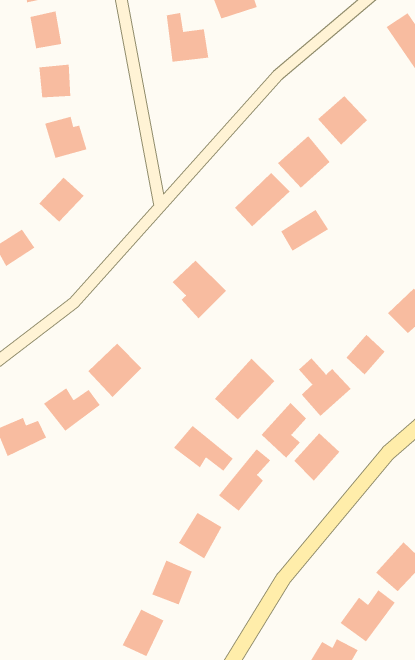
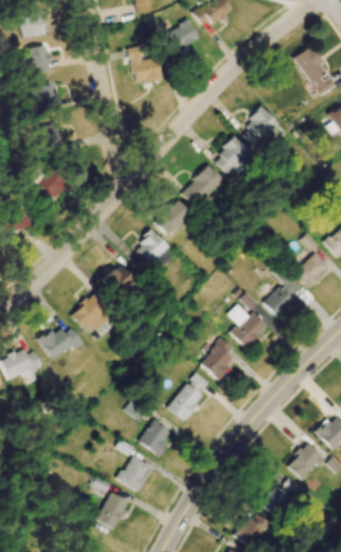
building: [280,209,329,252] -> [156,202,192,234]
building: none -> [104,264,137,297]
building: [214,358,275,420] -> none
building: [173,425,234,472] -> none
building: [294,432,340,482] -> none

